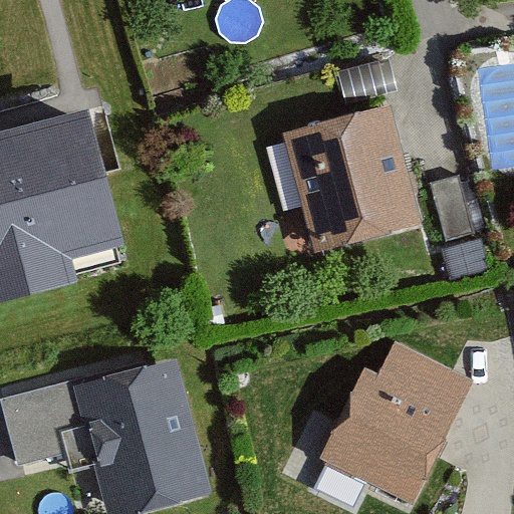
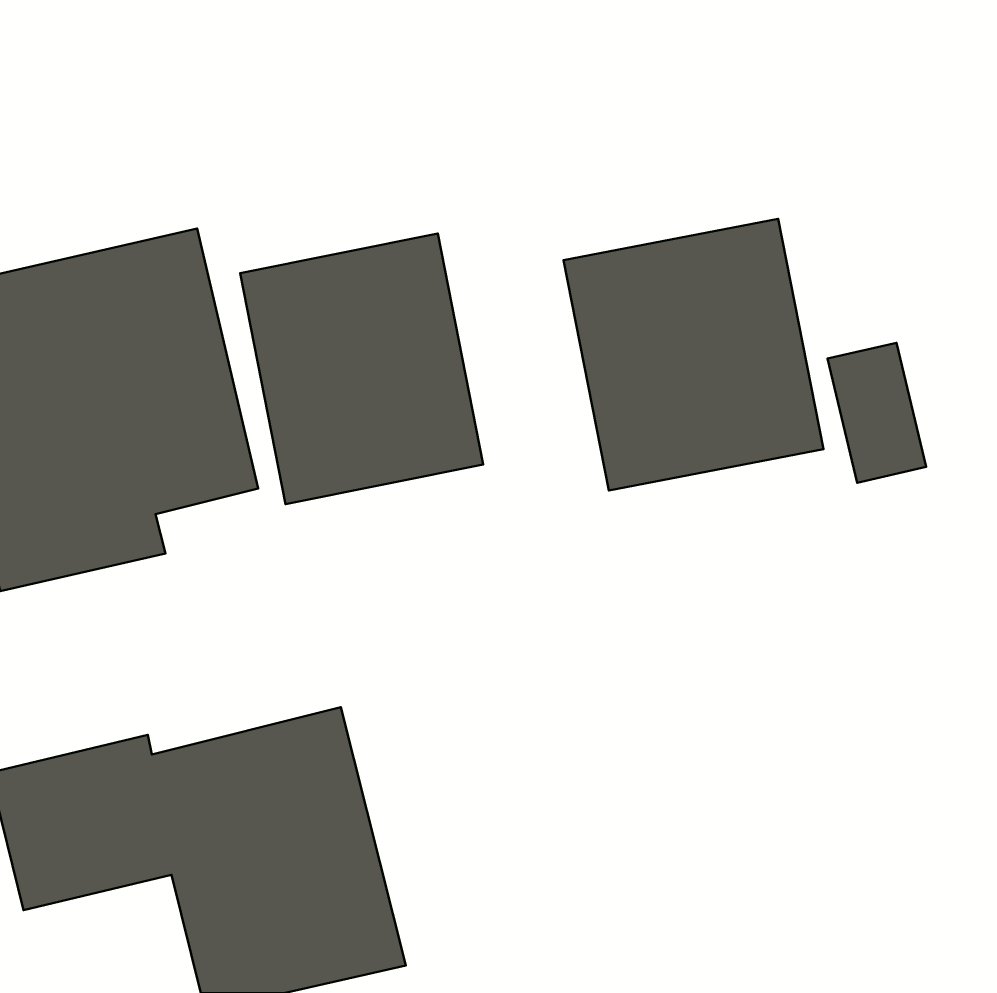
building: none -> [240,233,483,504]
building: [317,340,469,502] -> none

